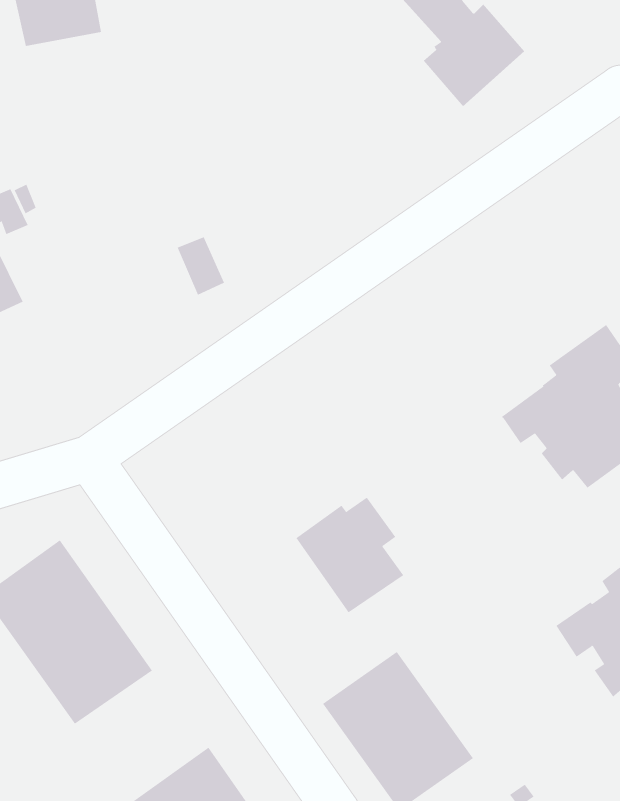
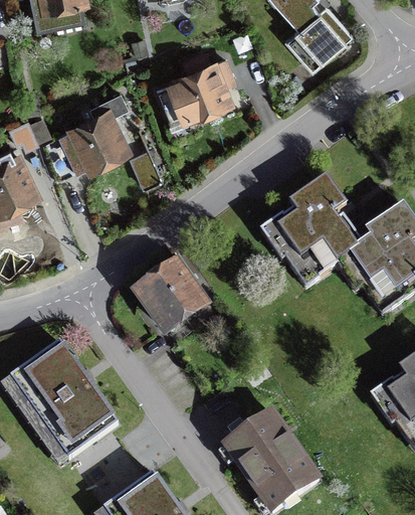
building: none -> [158,52,234,124]
building: none -> [43,94,129,181]
building: none -> [261,178,364,283]
building: [295,497,404,613] -> [135,256,203,330]

